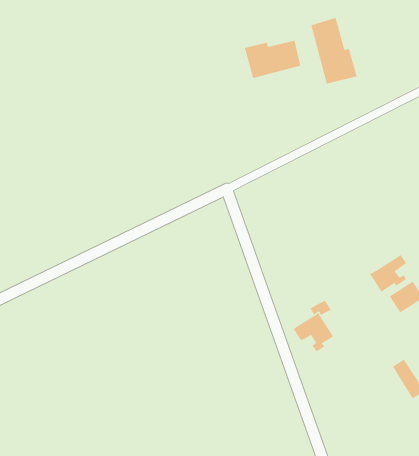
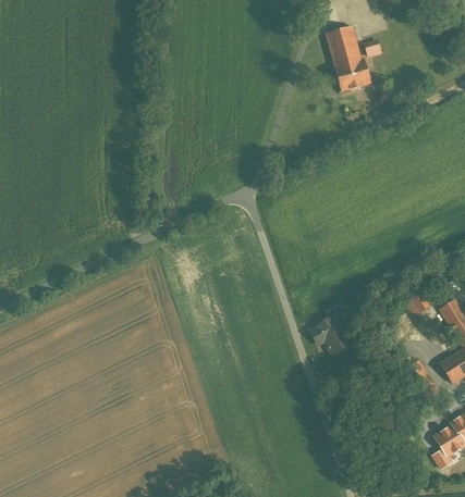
building: [244,40,301,79] -> none
building: [370,254,407,295] -> none

